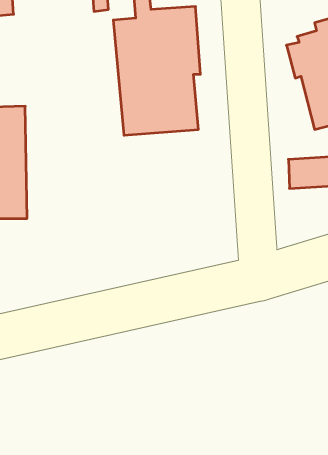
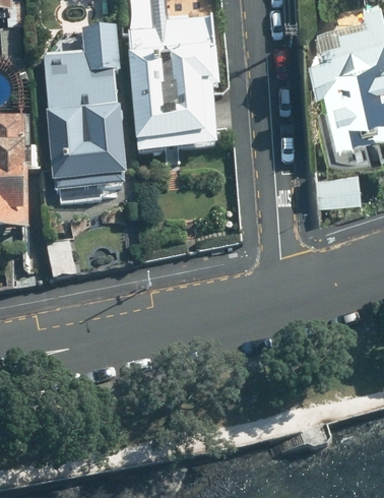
building: none -> [44,30,128,198]

